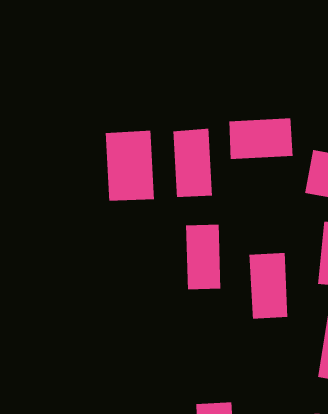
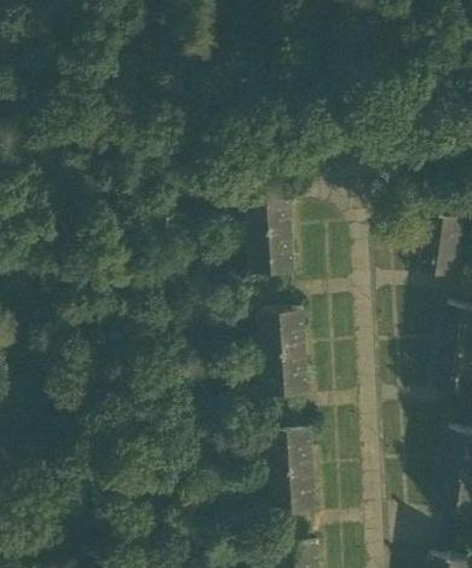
building: [229,117,293,160] -> none
building: [105,130,155,202] -> none
building: [249,252,288,319] -> [267,428,320,516]

